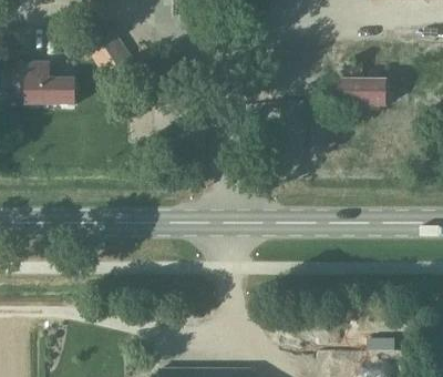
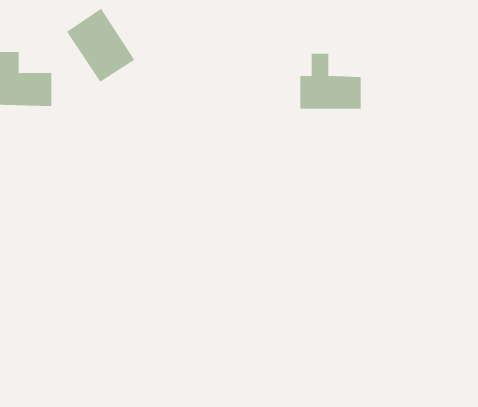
building: [338,61,387,105] -> [299,53,361,109]

